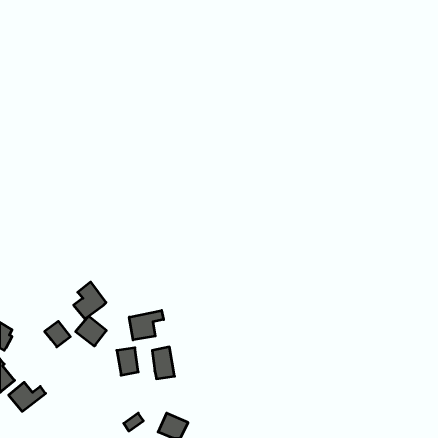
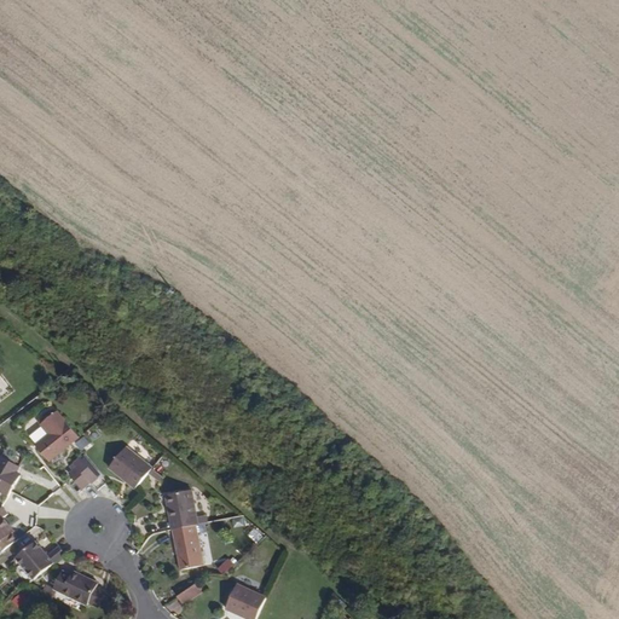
building: [74,282,106,319] -> [31,407,77,459]
building: [129,310,164,340] -> none
building: [152,347,175,379] -> [170,523,202,568]
building: none -> [51,568,108,608]

